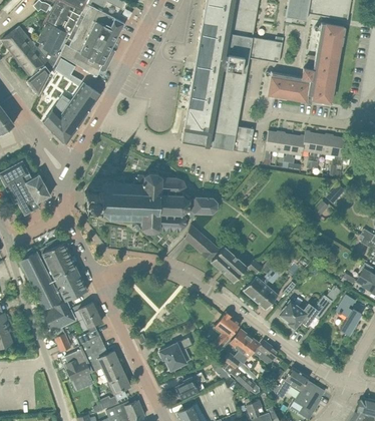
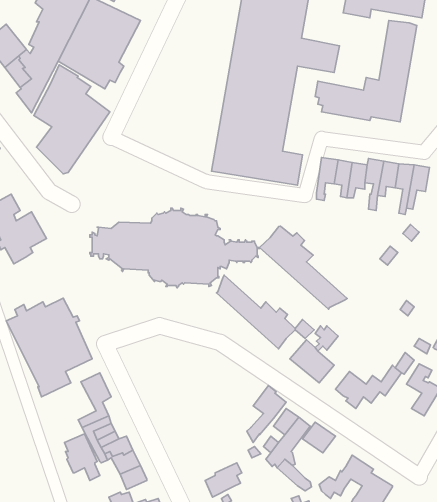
building: none -> [260,226,347,309]
building: [47,310,75,352] -> none
building: [159,338,193,370] -> none

